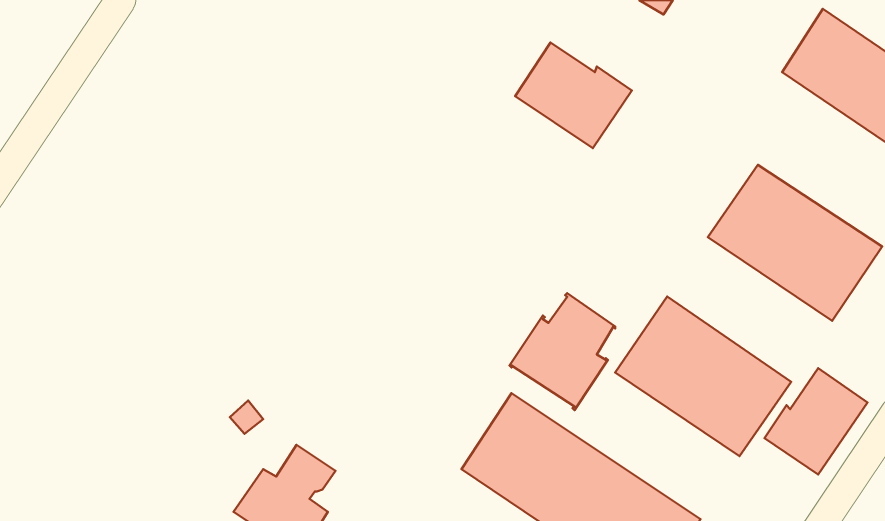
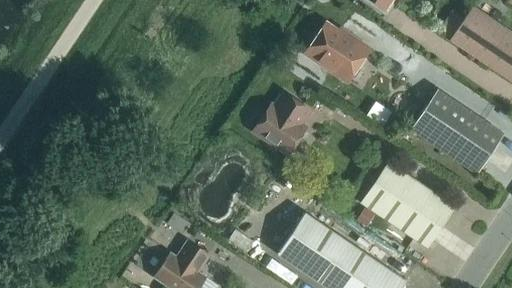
building: [510,293,615,410] -> [253,92,310,155]
building: [764,368,867,474] -> none

